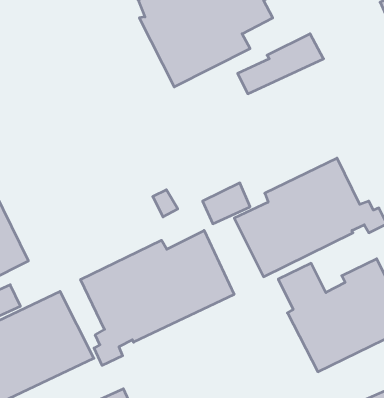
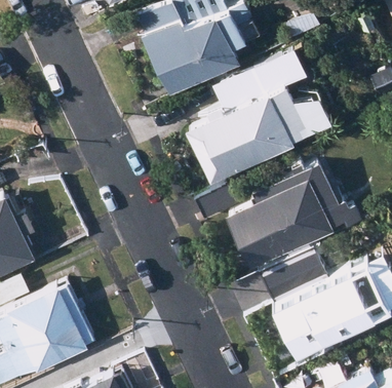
building: none -> [183,87,327,187]
building: [81,230,234,365] -> none

